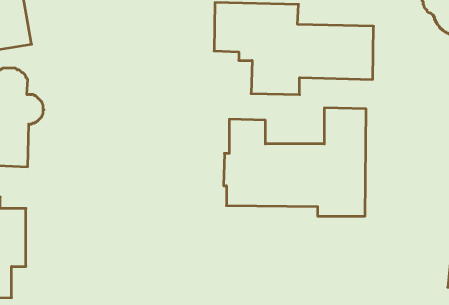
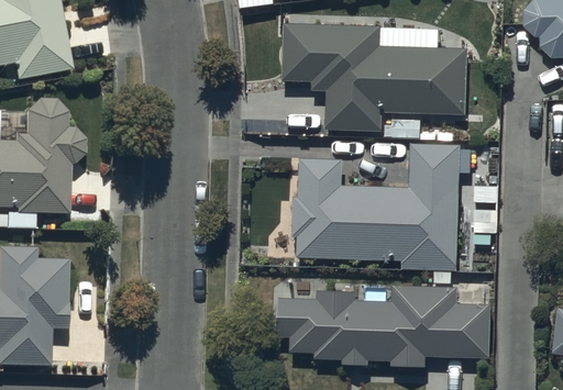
building: none -> [278,287,489,367]

